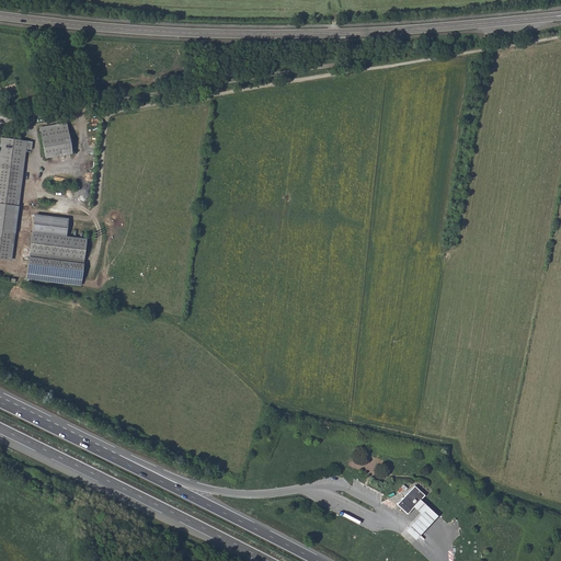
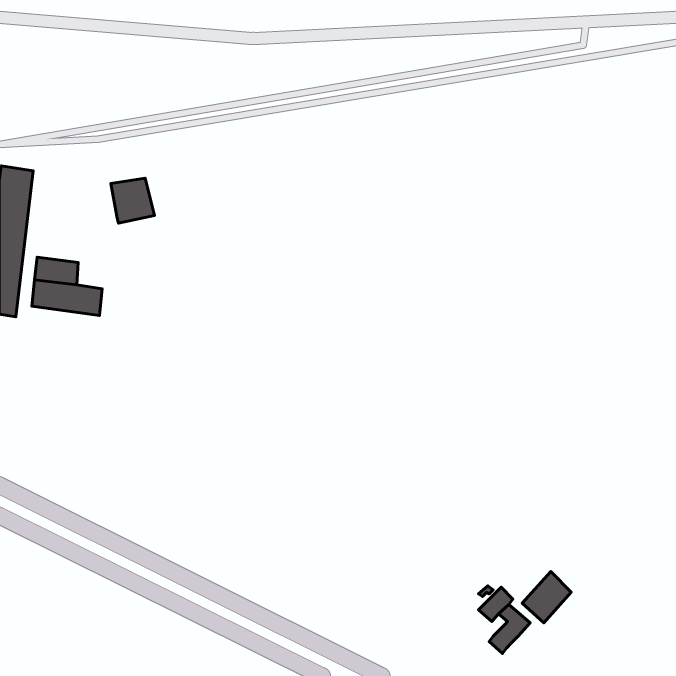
building: [38,122,75,159] -> [111,178,154,223]
building: [25,253,82,285] -> none
building: none -> [522,572,571,623]

